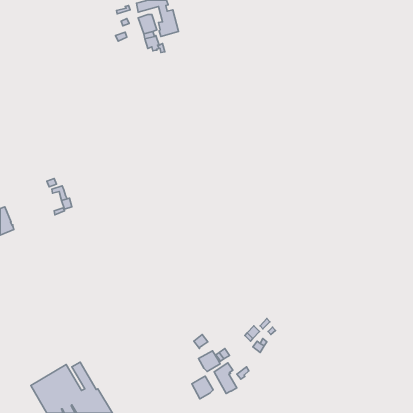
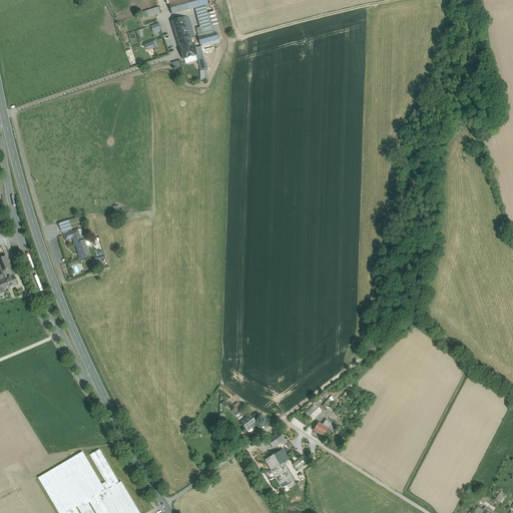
building: [198,351,220,371] -> none
building: [192,376,213,399] -> none

